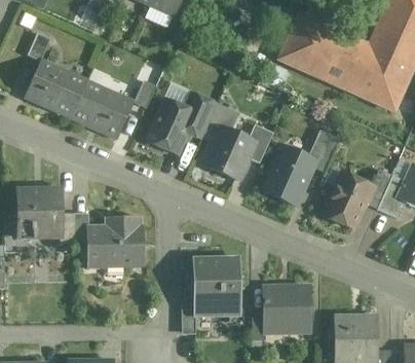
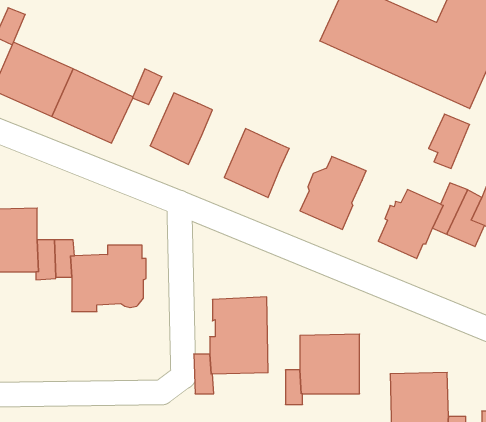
building: [184,93,217,138] -> none
building: [248,123,273,162] -> none
building: [307,130,339,172] -> [429,114,470,168]

